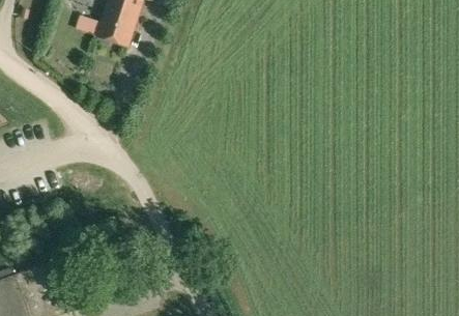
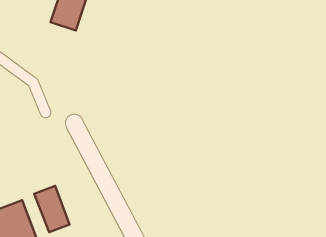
building: none -> [34,186,69,232]

